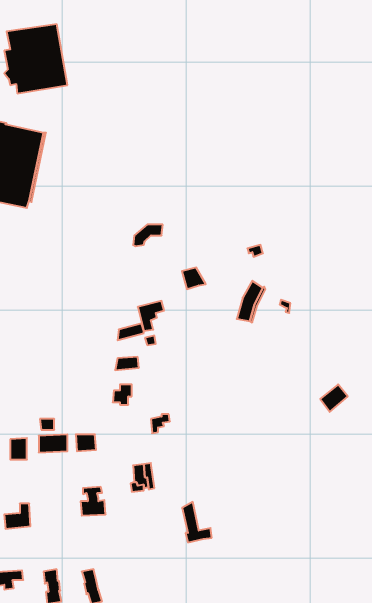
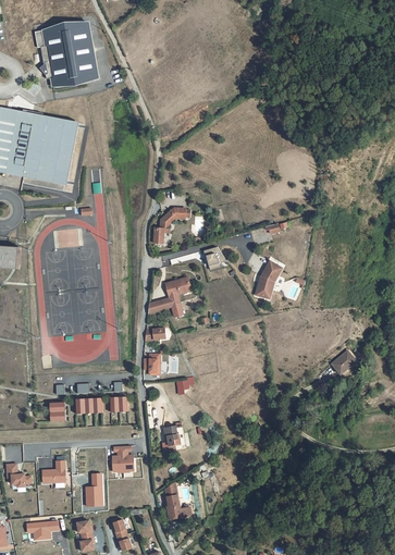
building: [182,502,212,542] -> [163,484,190,521]
building: none -> [85,476,102,508]

